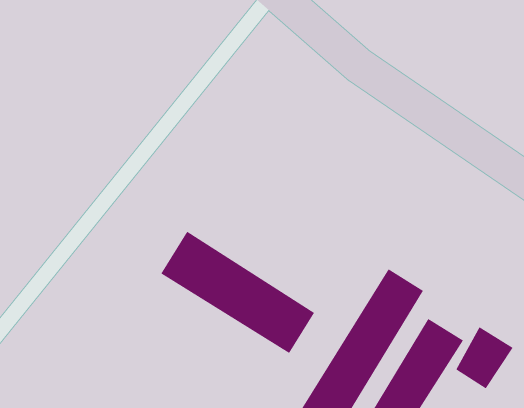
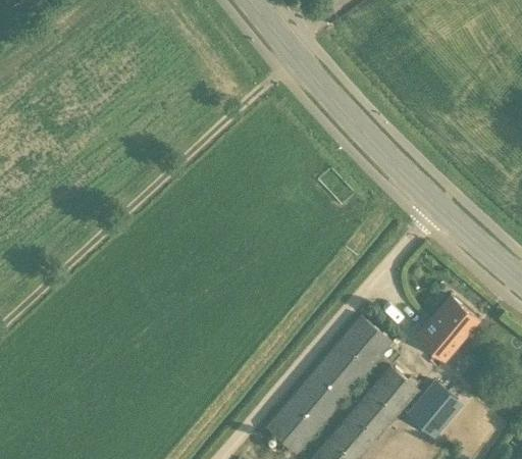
building: [161,231,315,354] -> none
building: none -> [416,296,477,359]

